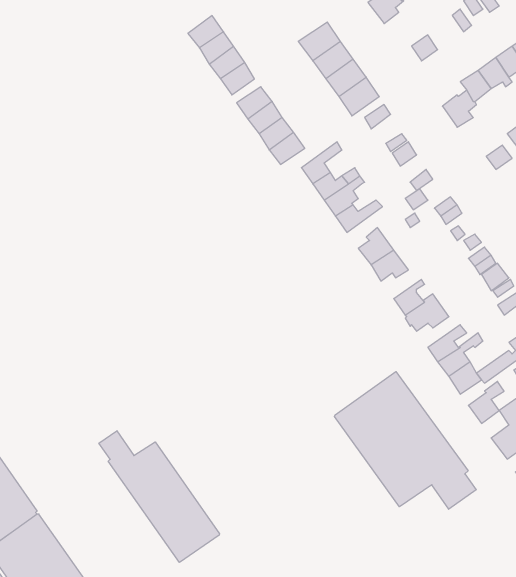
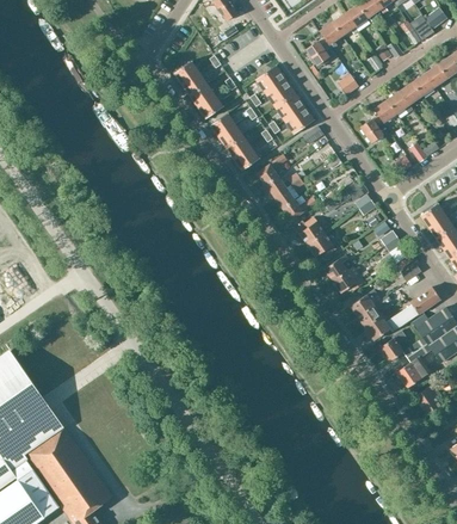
building: [334,372,476,509] -> none
building: [99,431,220,562] -> none

